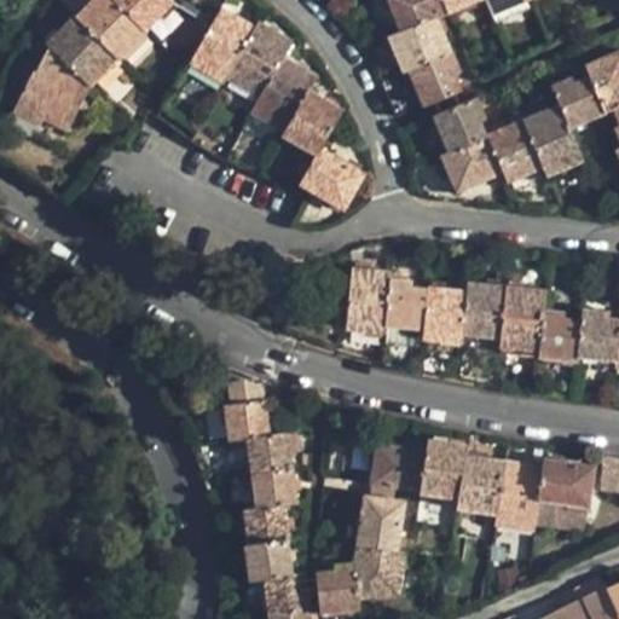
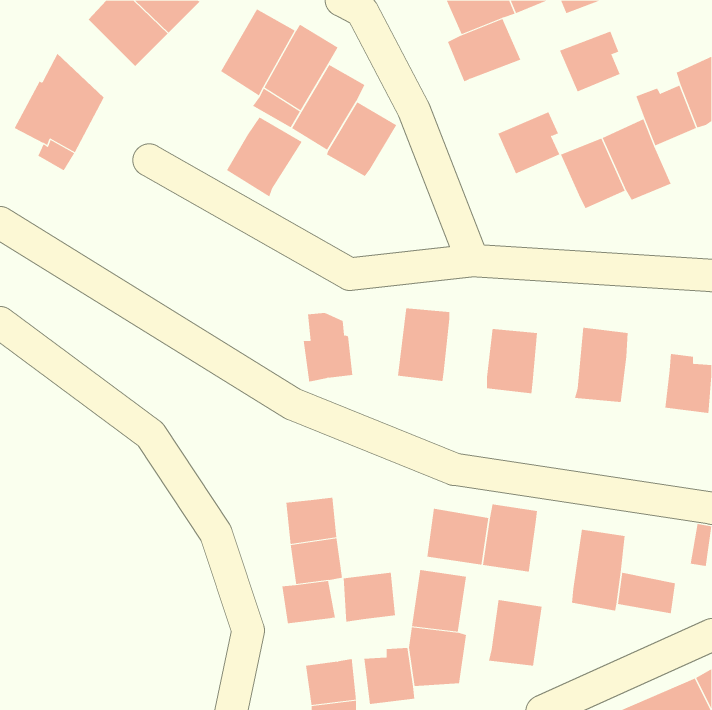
building: [47,16,117,86] -> none
building: [407,53,461,106] -> [559,31,621,92]
building: none -> [226,116,302,197]
building: [440,135,503,193] -> none
building: [301,149,364,210] -> none
building: [386,278,427,329] -> none
building: [463,282,505,339] -> none
building: [538,311,580,361] -> none
building: [226,381,270,441] -> [303,313,353,382]
building: [457,455,504,513] -> [488,599,542,666]
building: [539,459,594,508] -> none
building: [247,538,293,582] -> [343,572,396,622]

